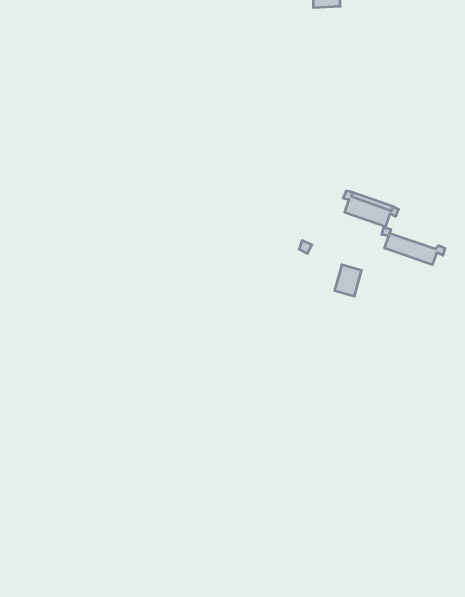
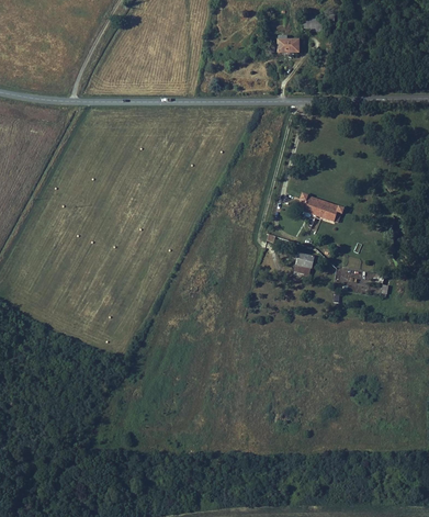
building: [382,228,445,265] -> none

